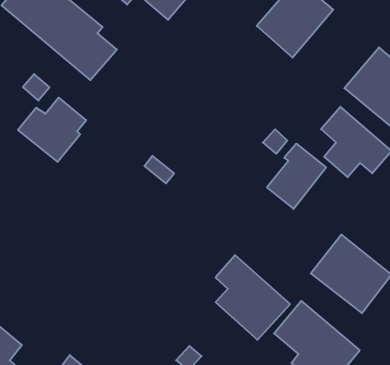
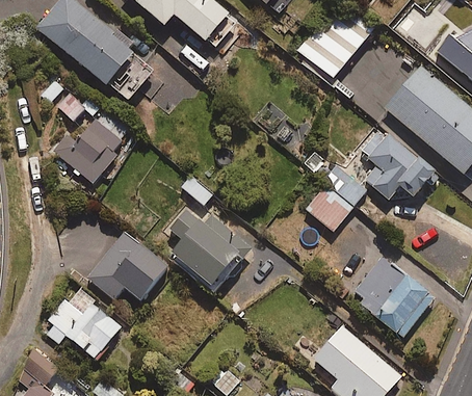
building: none -> [87,231,171,305]
building: [216,255,290,340] -> [169,205,245,291]
building: none -> [47,296,122,359]

